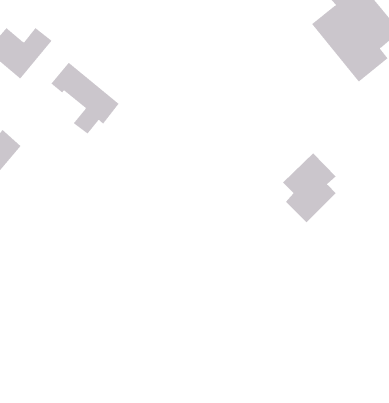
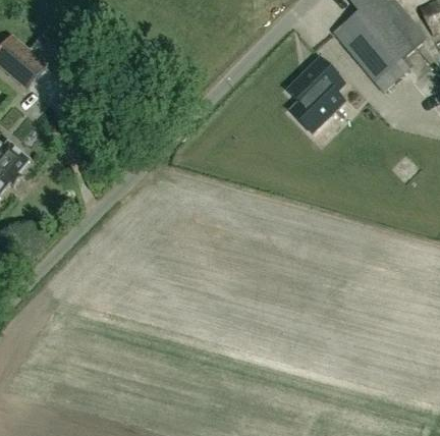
building: [51,62,120,135] -> none
building: [282,152,336,223] -> [287,57,344,131]

